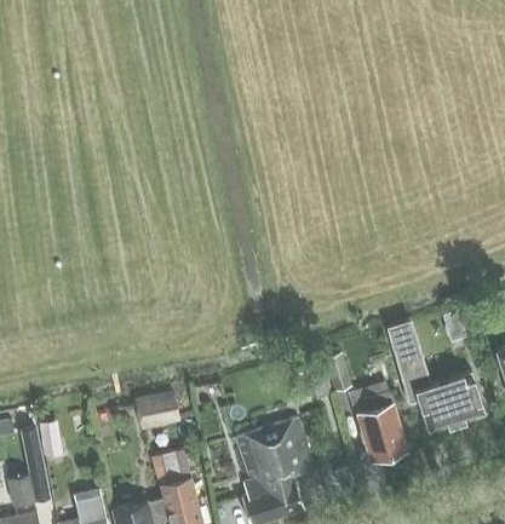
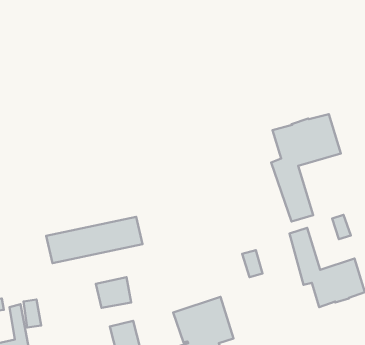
building: none -> [271,114,341,221]
building: none -> [46,217,143,263]
building: [358,392,407,461] -> none

